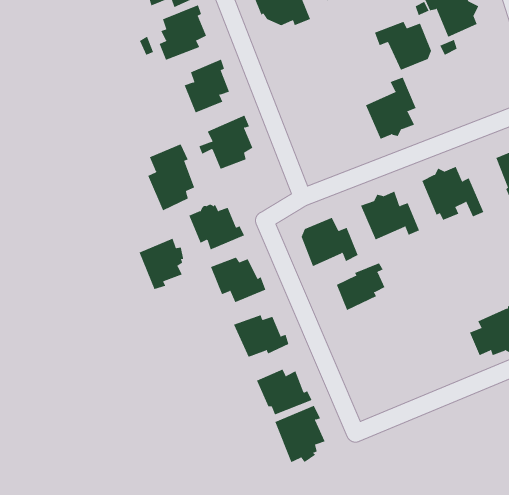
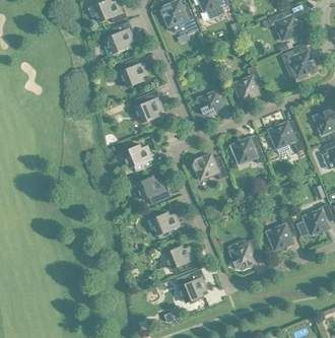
building: [374,21,432,71] -> [280,47,316,77]
building: none -> [196,85,226,116]
building: [147,143,195,211] -> none
building: [139,238,184,290] -> none
building: [336,263,385,311] -> none
building: none -> [265,215,295,252]
building: none -> [228,239,259,270]

